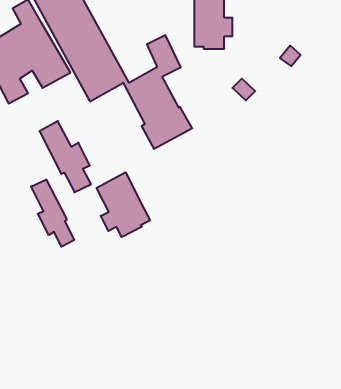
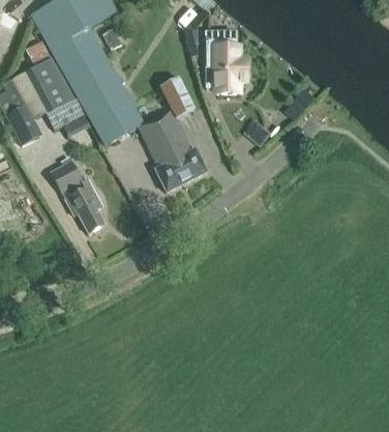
building: [97,172,150,237] -> none
building: [31,179,74,247] -> none

